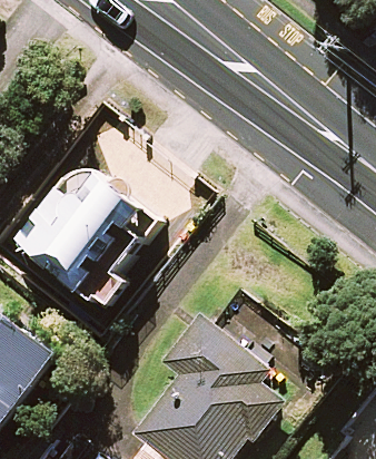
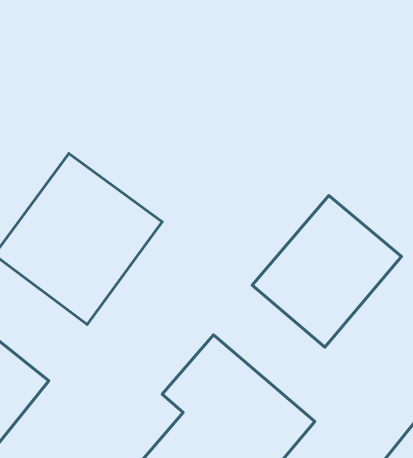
building: none -> [252,195,401,347]

